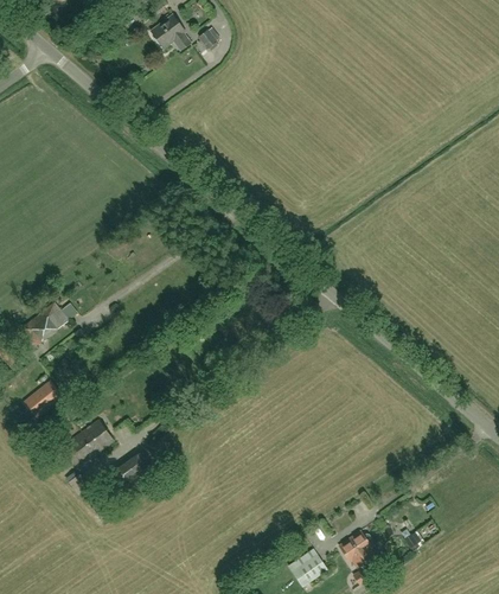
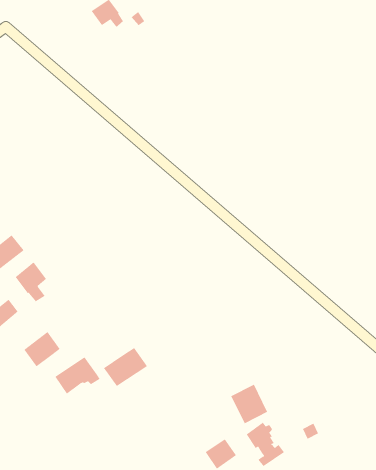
building: none -> [15,261,47,302]
building: none -> [103,347,148,387]
building: none -> [231,384,268,424]

